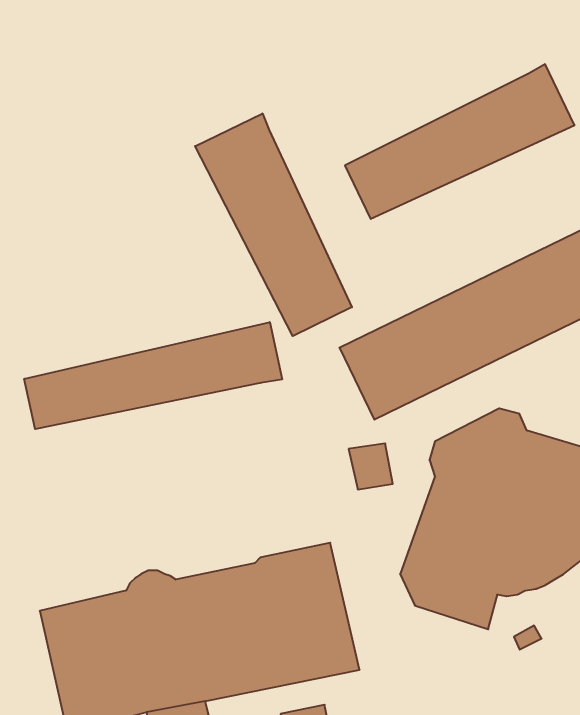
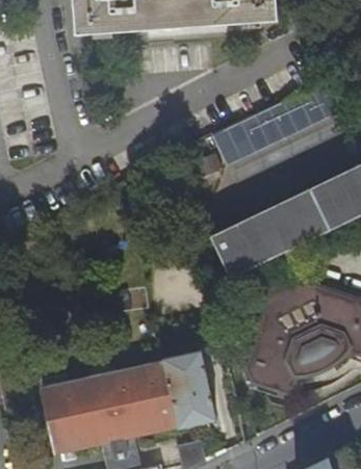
building: [195,113,352,336] -> none
building: [24,322,282,429] -> none

